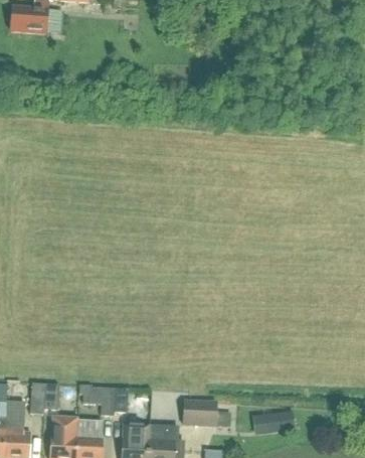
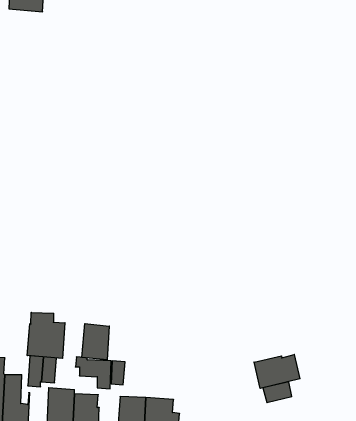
building: none -> [27,312,65,358]
building: none -> [82,324,109,360]
building: none -> [254,354,300,388]
building: [183,399,215,425] -> none

